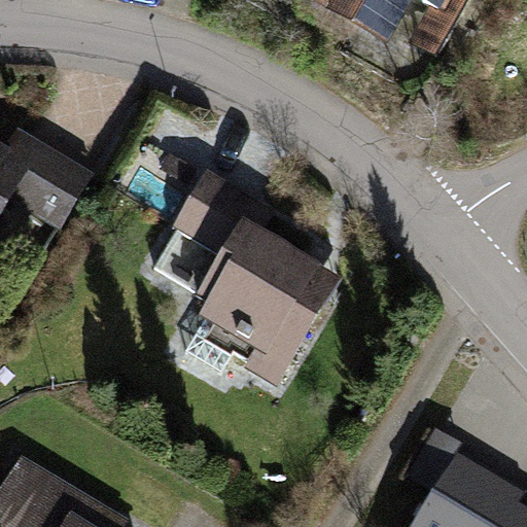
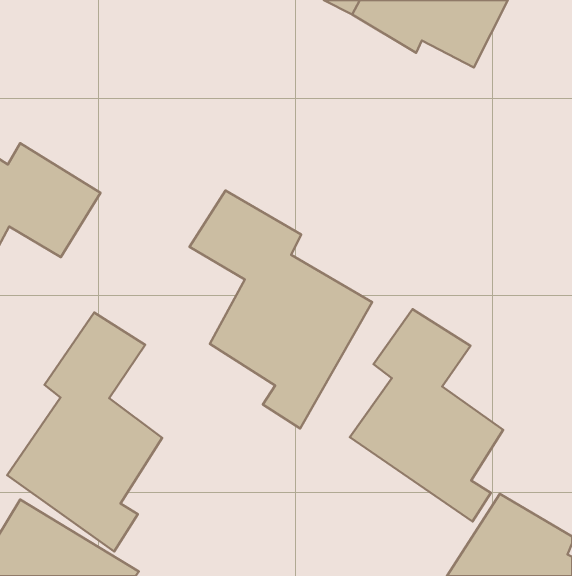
building: none -> [350,309,503,522]
building: none -> [7,313,162,552]

